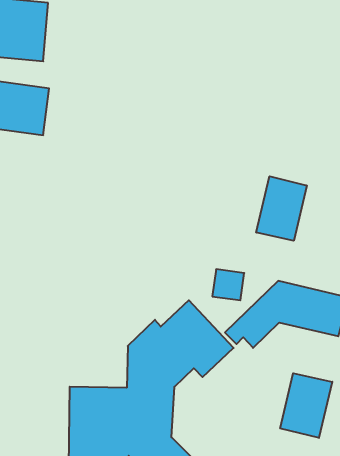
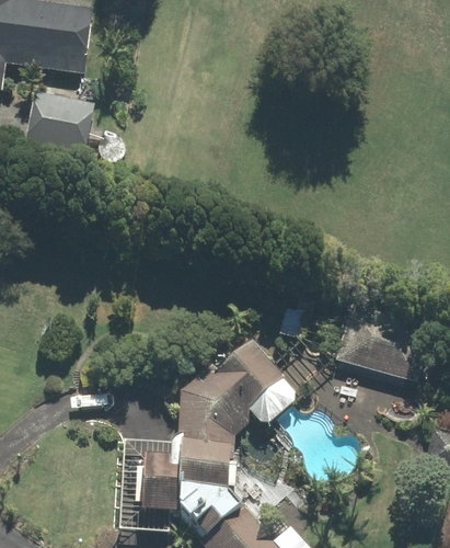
building: [256,176,307,241] -> none
building: [280,373,332,438] -> none

